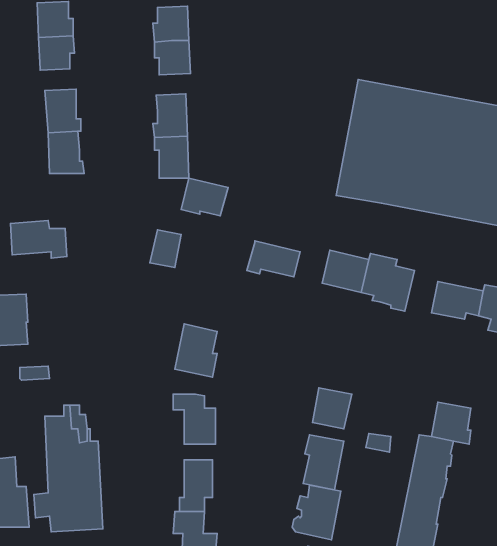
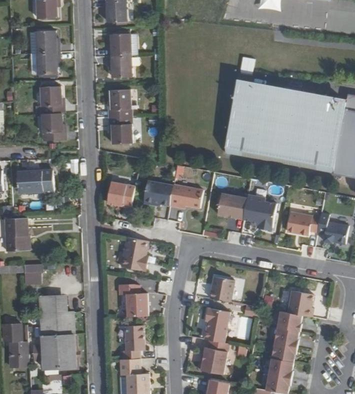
building: [181,178,228,216] -> [143,179,173,203]

